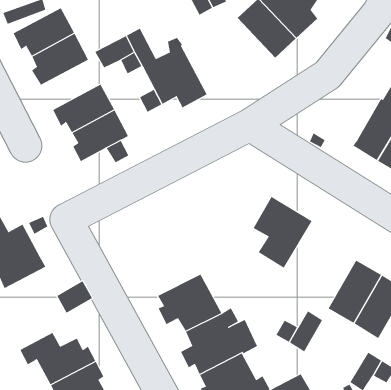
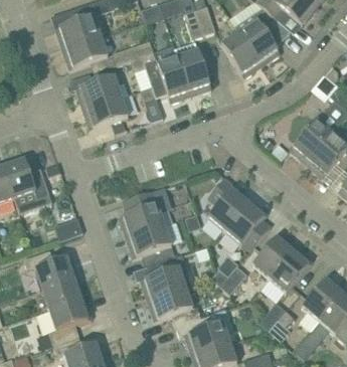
building: none -> [174,38,211,95]
building: none -> [225,199,271,250]
building: none -> [119,190,172,235]

